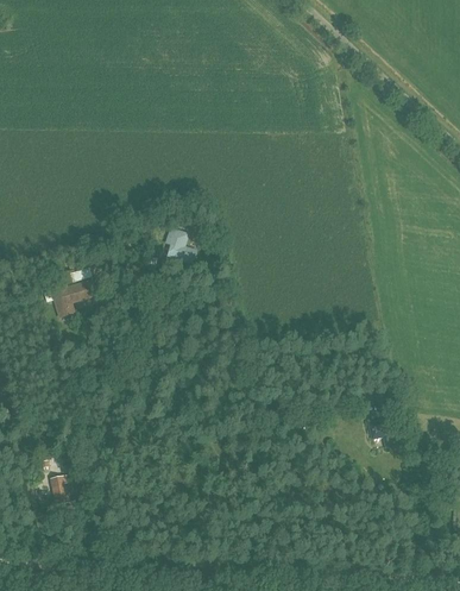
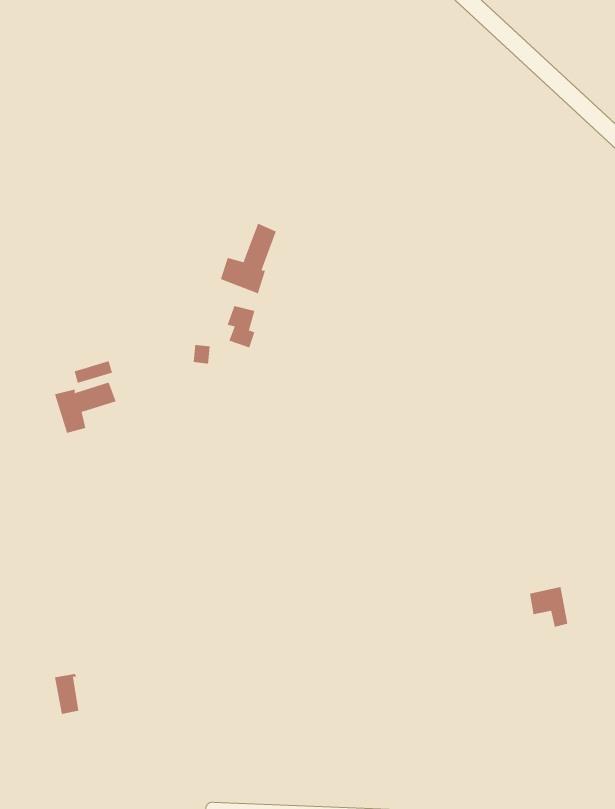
building: none -> [220,223,277,294]

